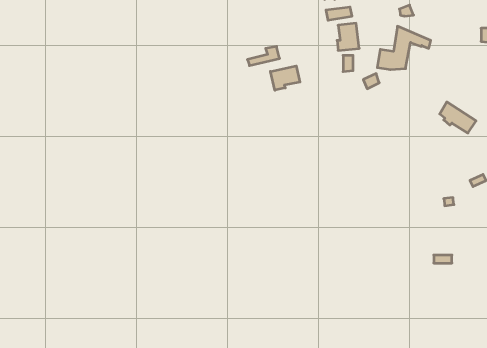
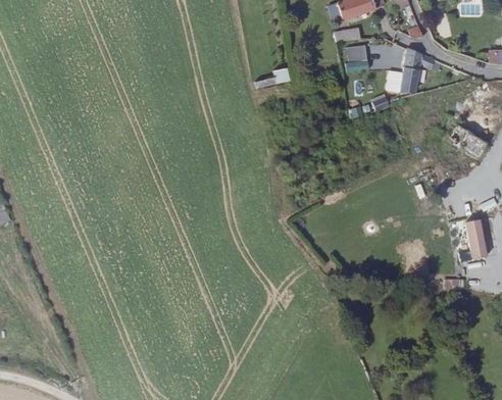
building: [270,66,300,90] -> none
building: none -> [459,219,486,261]

